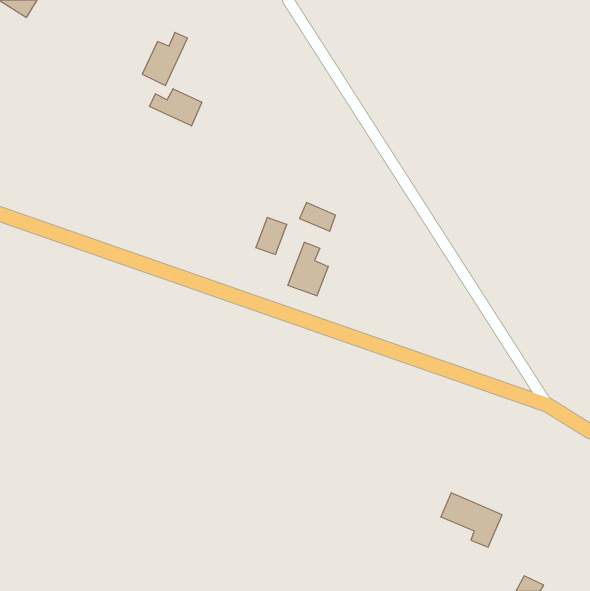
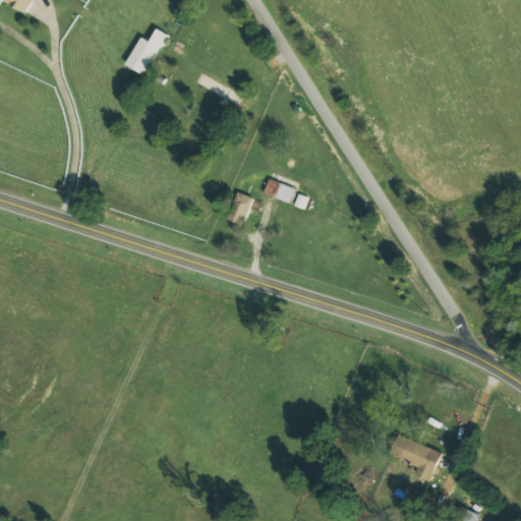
building: [149,89,202,126] -> none
building: [288,242,328,296] -> none

